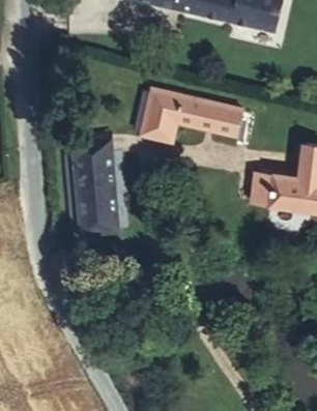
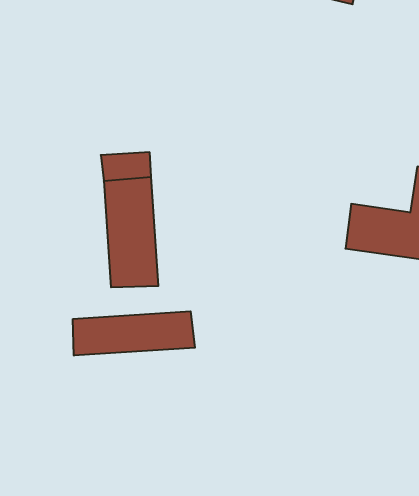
building: [141,89,243,142] -> none
building: none -> [73,311,195,356]

